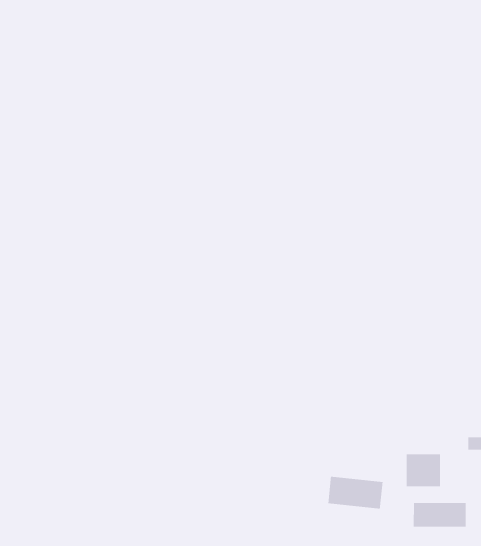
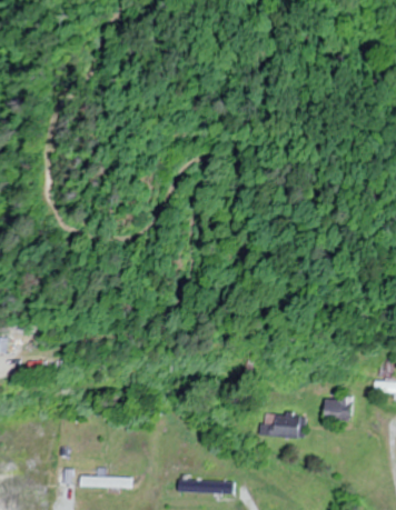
building: [413,502,467,527] -> none

